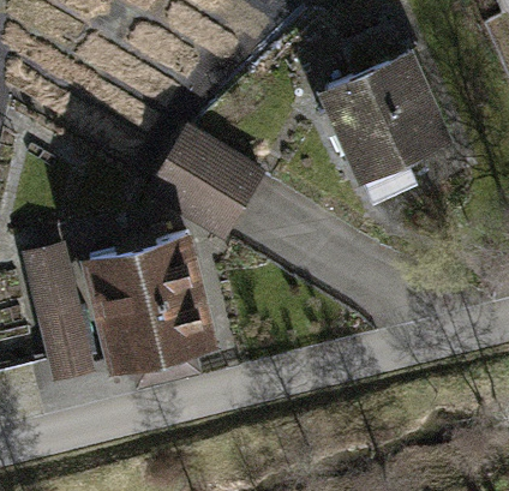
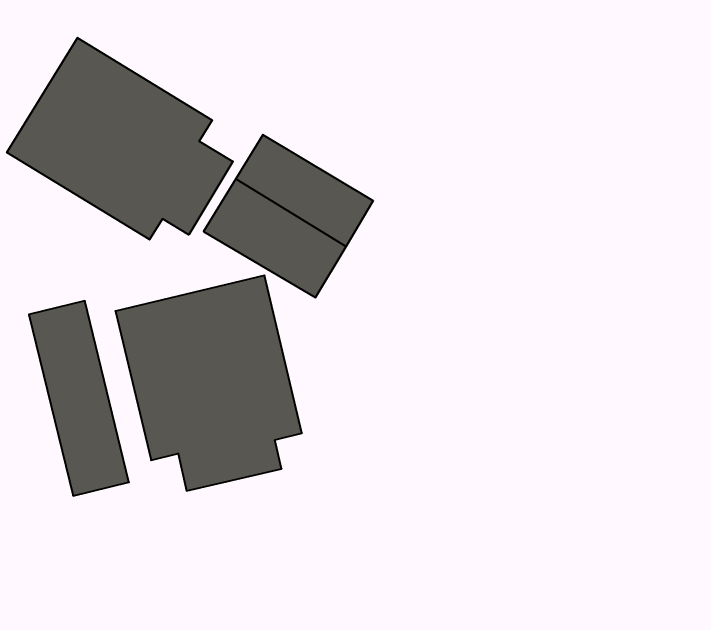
building: [317,47,450,204] -> none
building: none -> [7,38,233,240]

